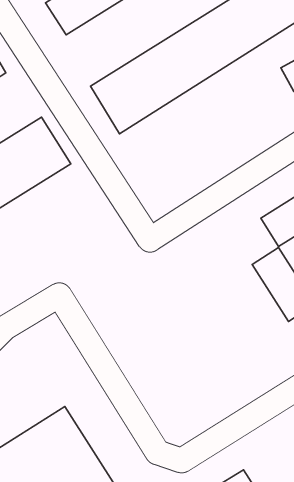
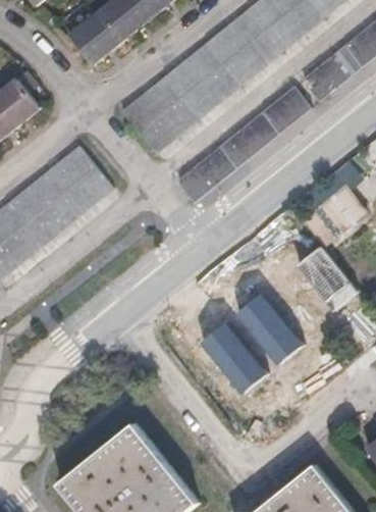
building: none -> [175,82,311,204]
building: none -> [237,294,304,365]
building: none -> [201,319,267,391]

